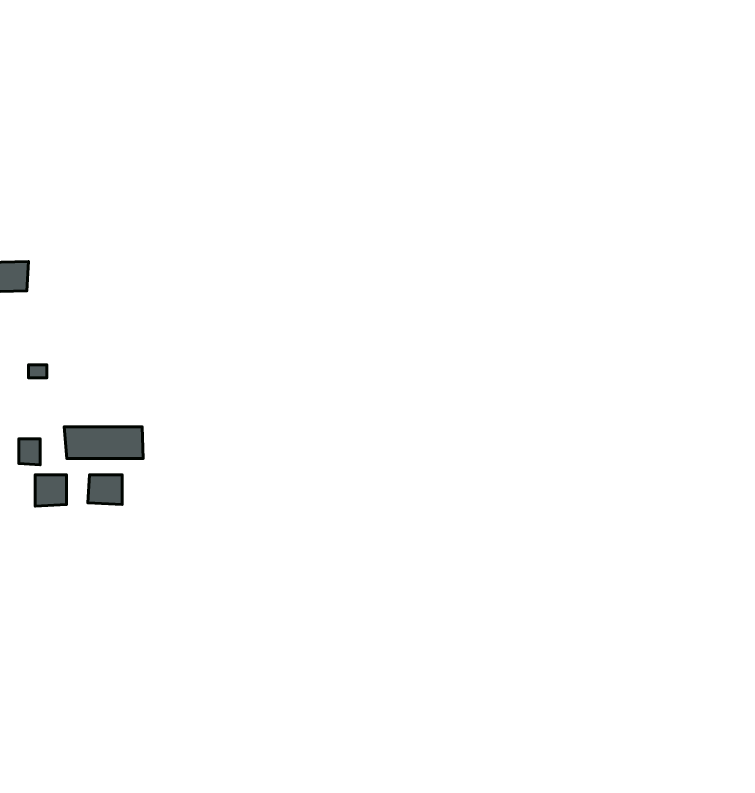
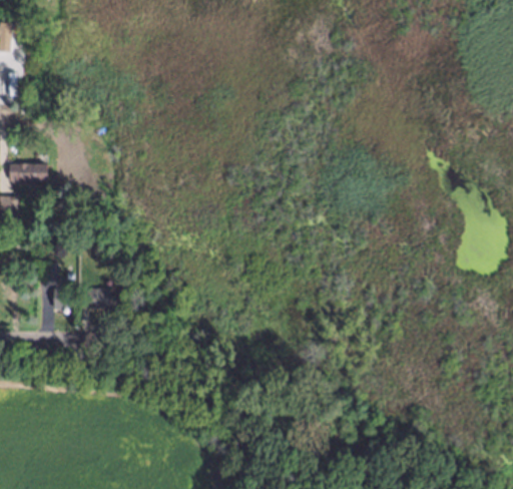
building: [64,427,143,459] -> none

